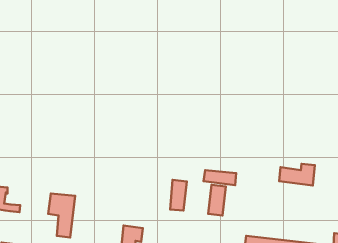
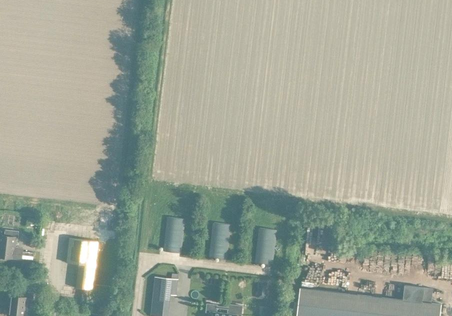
building: [279,164,315,186] -> none
building: [204,170,236,185] -> none
building: none -> [163,217,183,253]

